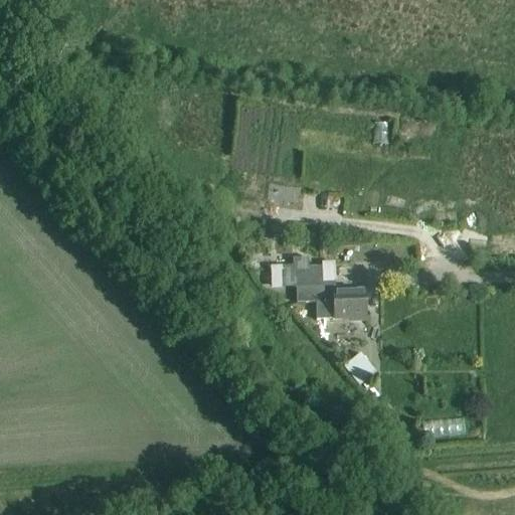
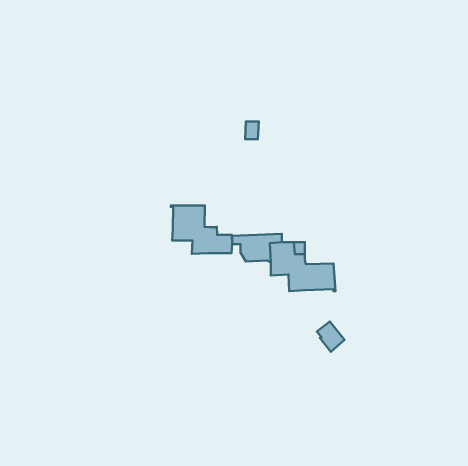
building: none -> [171,205,232,254]

